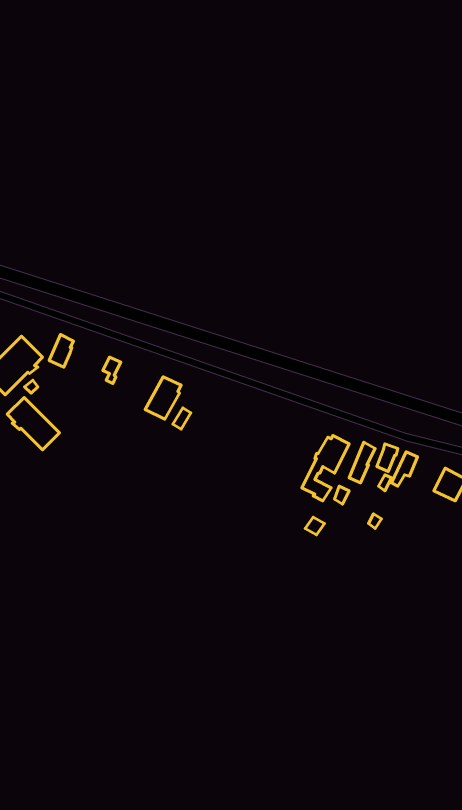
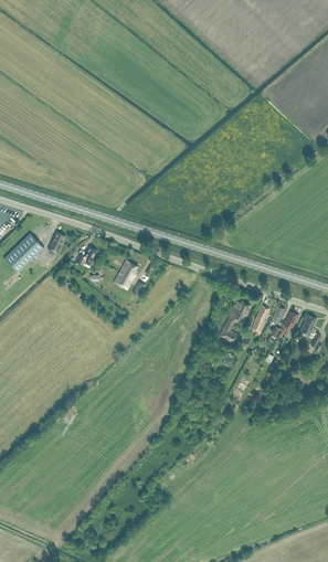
building: [7,397,59,450] -> none

